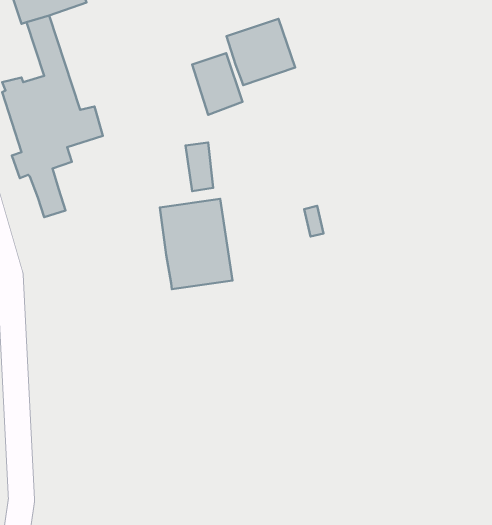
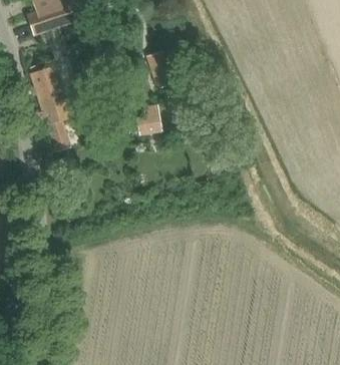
building: [226,19,295,85] -> none
building: [160,199,232,289] -> none

